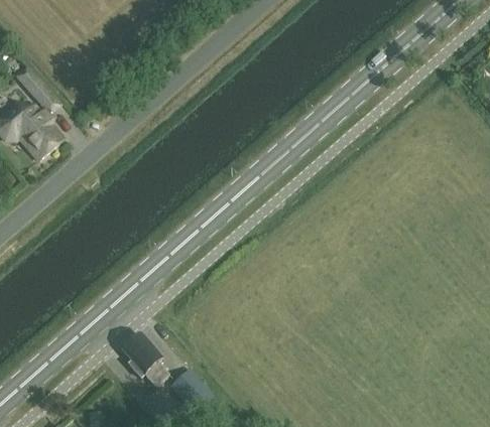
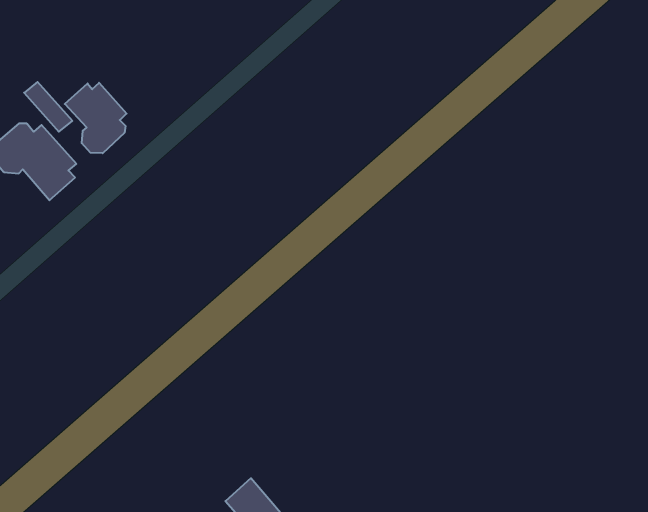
building: none -> [65,83,127,153]
building: [124,335,170,387] -> none

